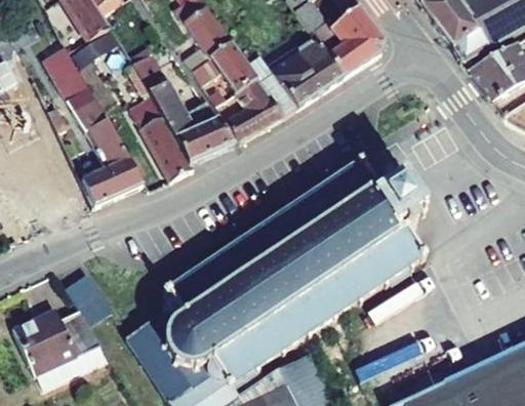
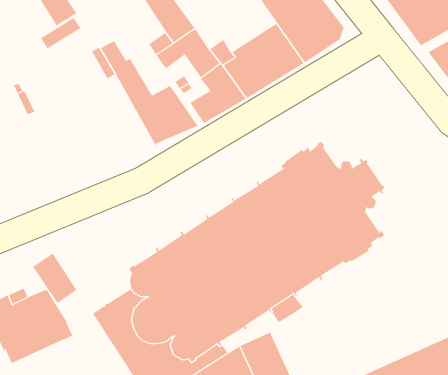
building: [42,45,142,204] -> none
building: [128,94,192,179] -> none

